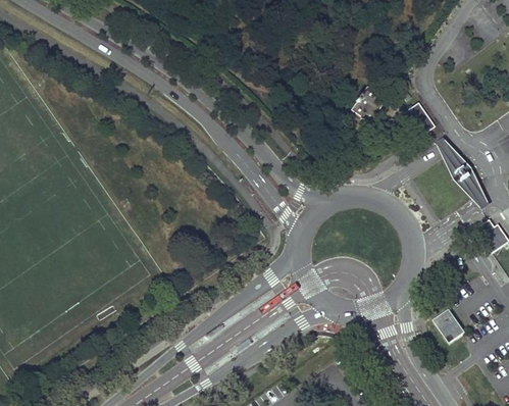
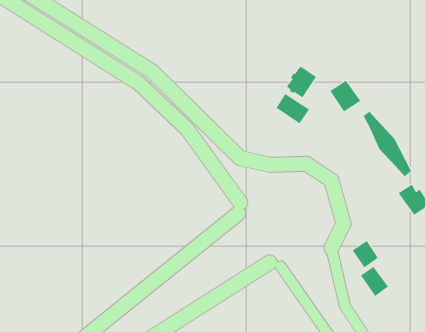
building: none -> [276,93,310,124]
building: none -> [352,240,379,268]

